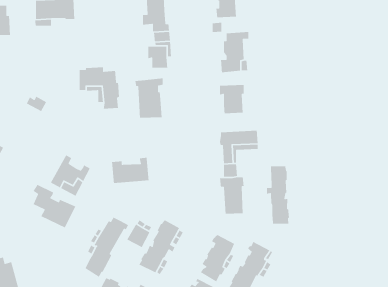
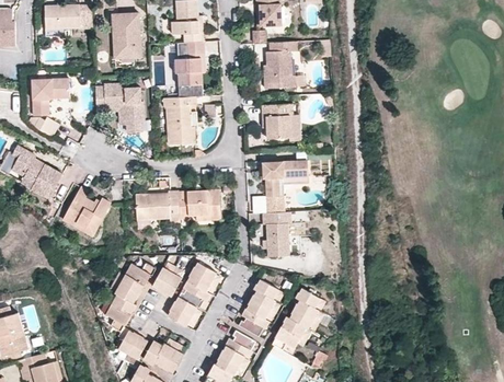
building: none -> [112,15,140,60]
building: none -> [32,79,68,116]
building: none -> [177,188,220,220]
building: [266,165,290,225] -> none
building: [33,184,76,229] -> [11,146,62,198]

